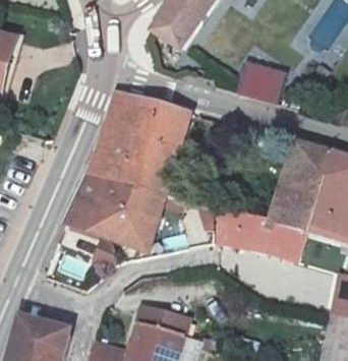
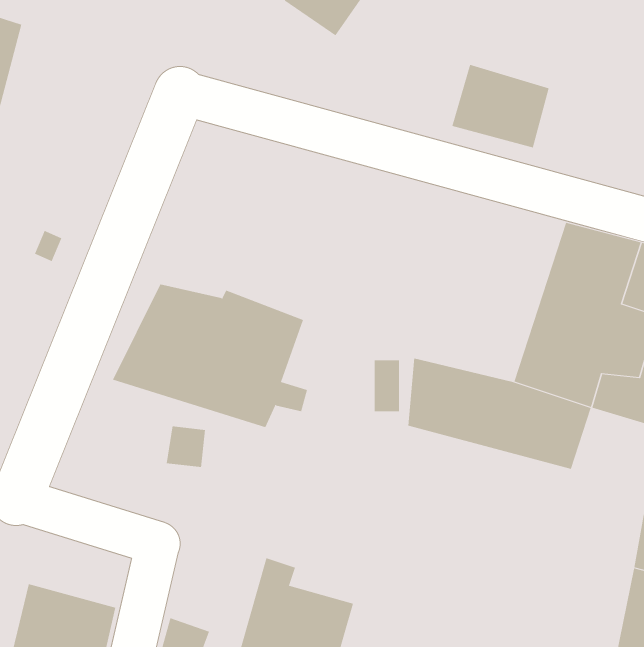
building: [89,87,186,188] -> none

